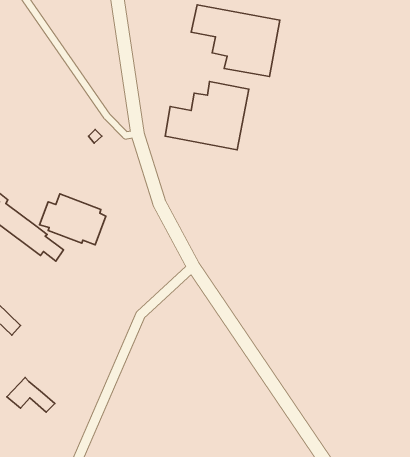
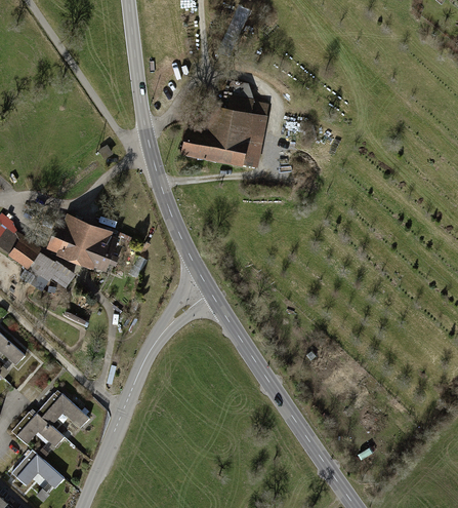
building: [191,5,280,77] -> none
building: none -> [35,392,88,431]
building: none -> [12,453,64,490]

